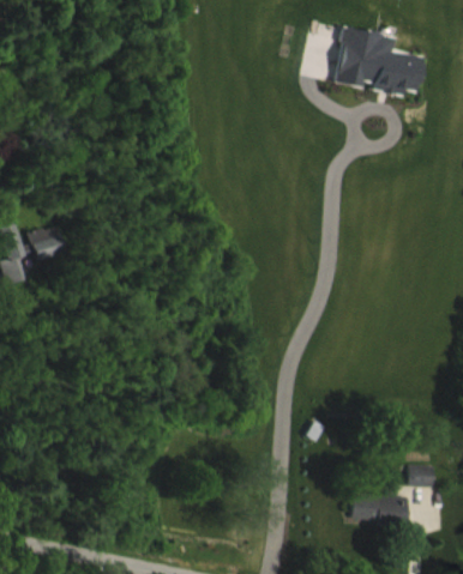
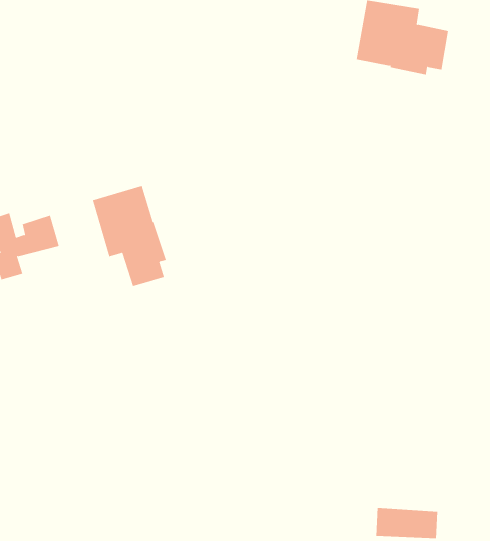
building: none -> [92,185,167,287]
building: [410,465,437,488] -> none

